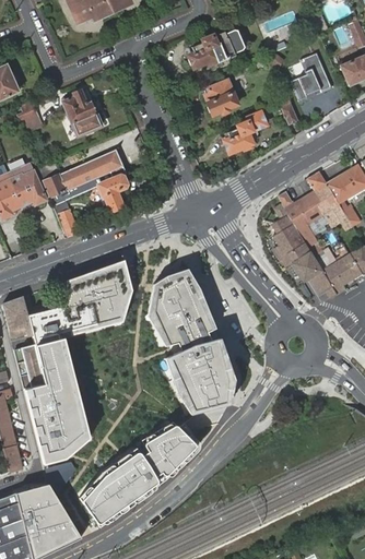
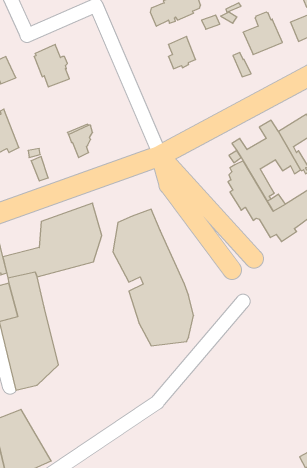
building: [224,112,264,153] -> none
building: [37,150,123,199] -> none
building: [80,413,203,526] -> none

